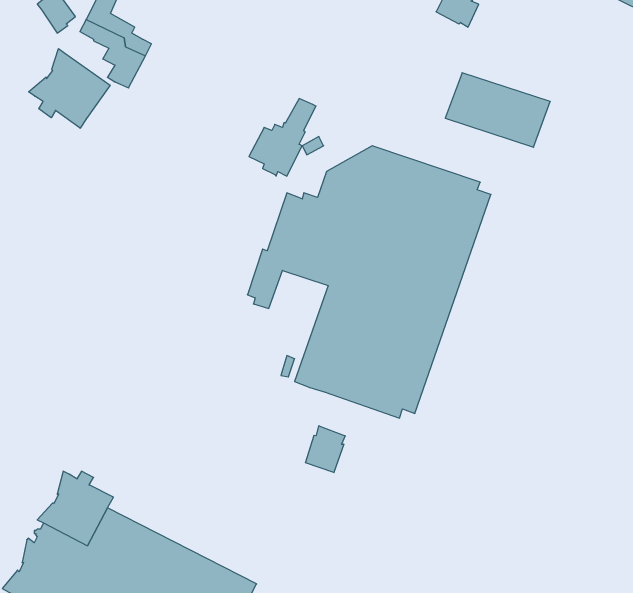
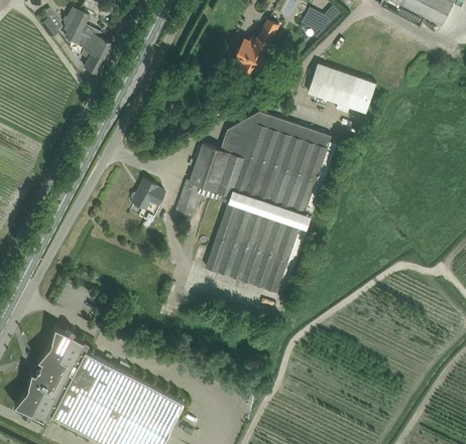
building: [29,49,110,128] -> none
building: [249,99,316,176] -> [233,20,277,71]
building: none -> [129,178,163,209]
building: [305,426,345,473] -> none

